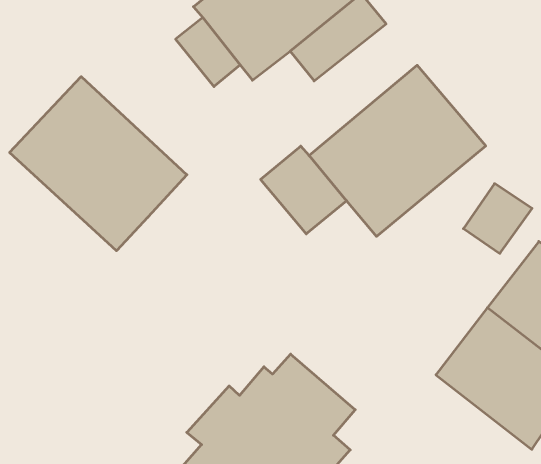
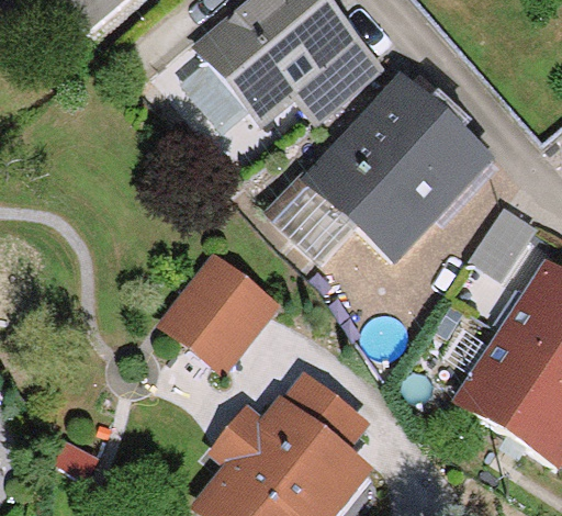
building: [10,77,187,251] -> none
building: none -> [166,261,277,372]

